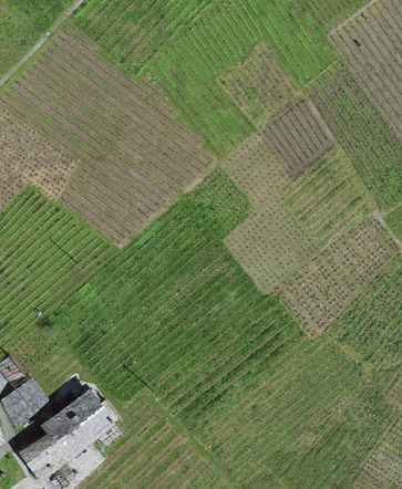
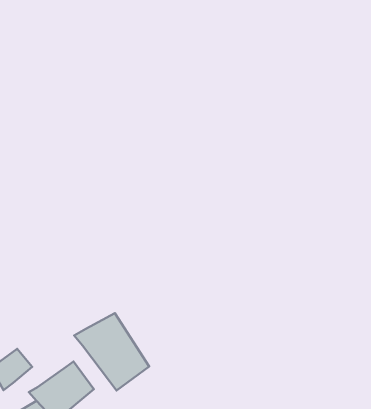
building: none -> [74,313,149,391]

